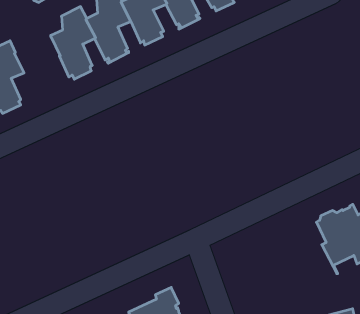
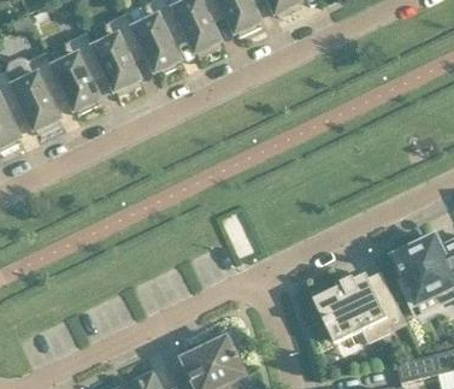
building: none -> [52,31,104,114]
building: none -> [312,271,397,342]

